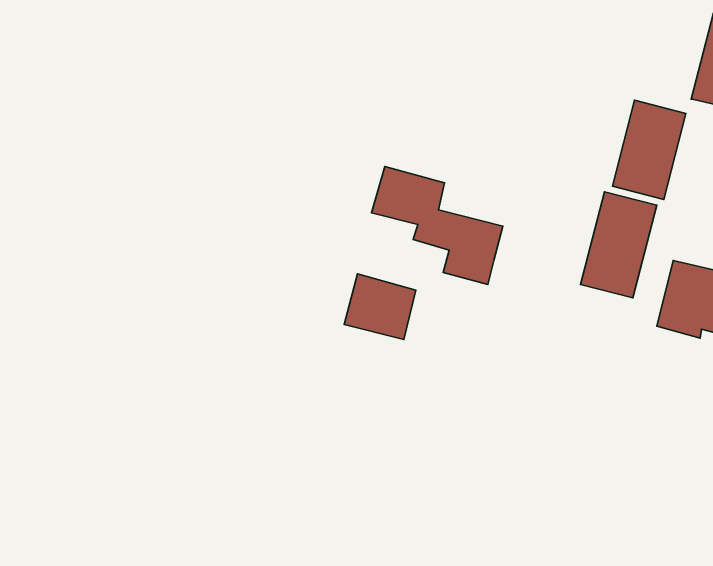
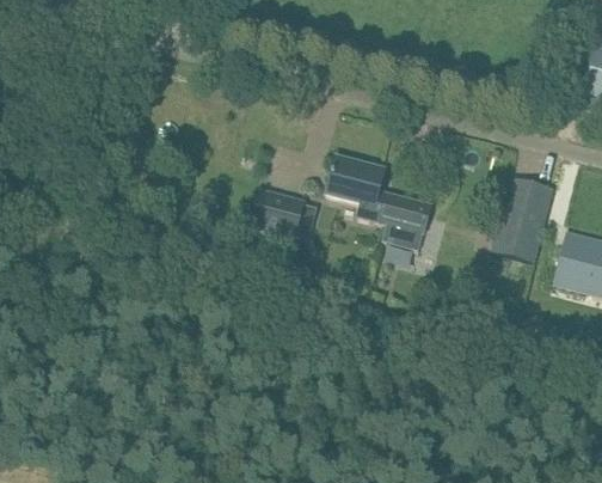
building: [612,100,686,199] -> none
building: [344,274,416,339] -> [247,187,305,239]

